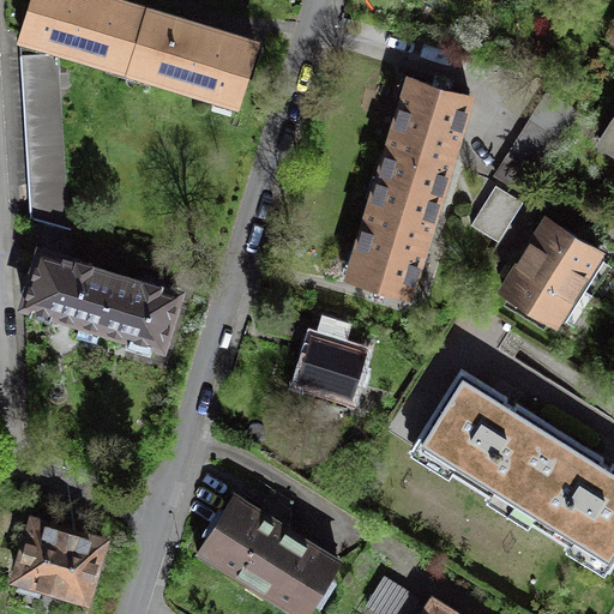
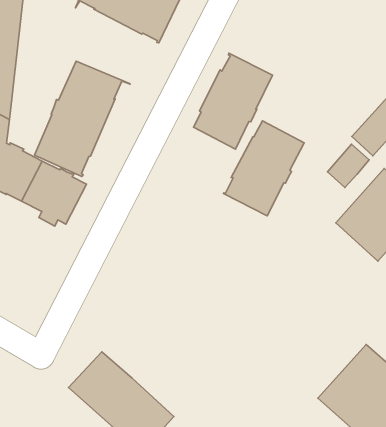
building: [383,78,469,195] -> [194,53,273,149]
building: none -> [34,61,130,177]
building: [275,313,365,409] -> none
building: [413,369,559,508] -> none

